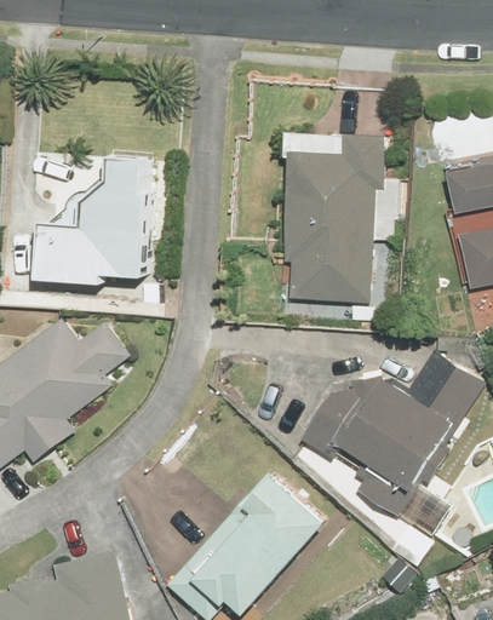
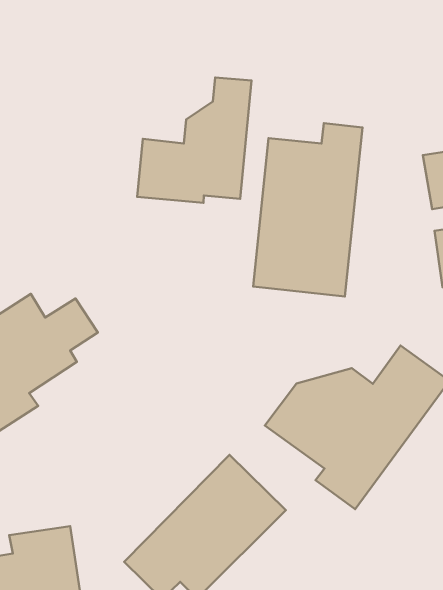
building: [36,156,144,282] -> [137,77,252,203]

